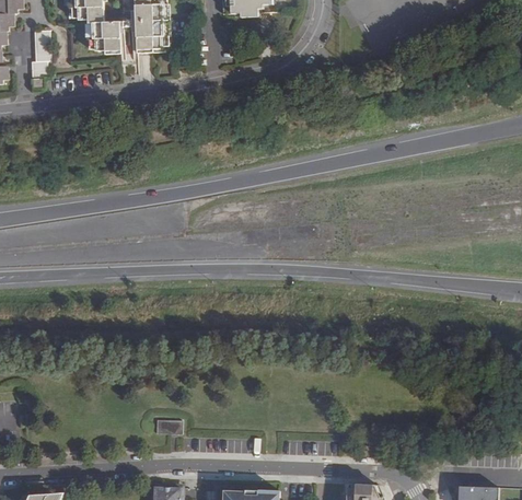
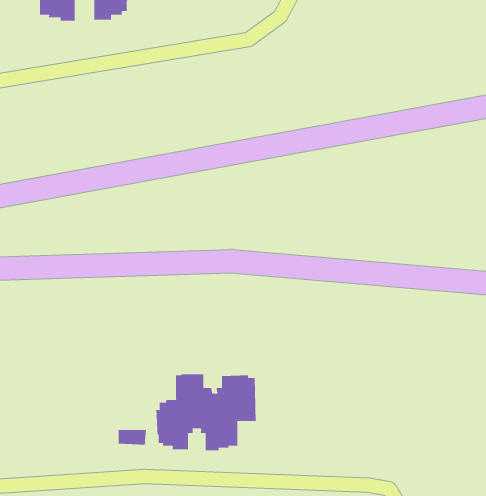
building: none -> [156,374,256,451]

